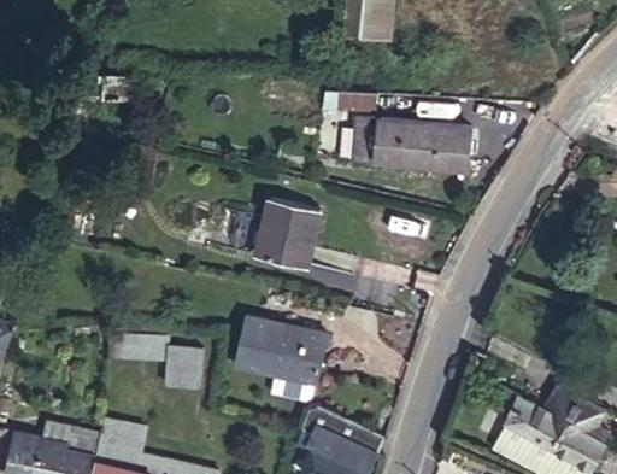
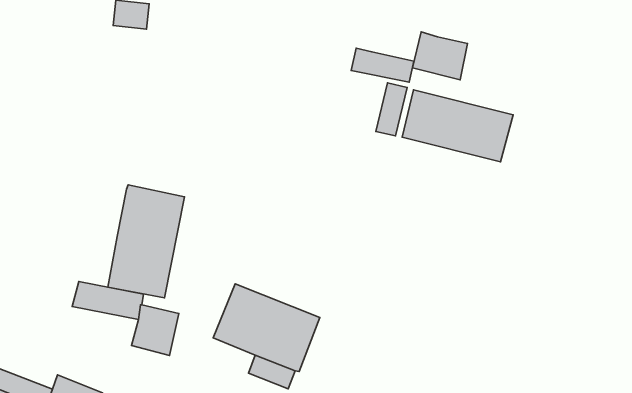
building: none -> [412,32,467,80]
building: [254,199,318,269] -> none
building: none -> [108,185,185,298]

